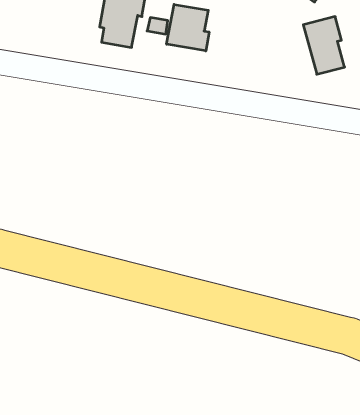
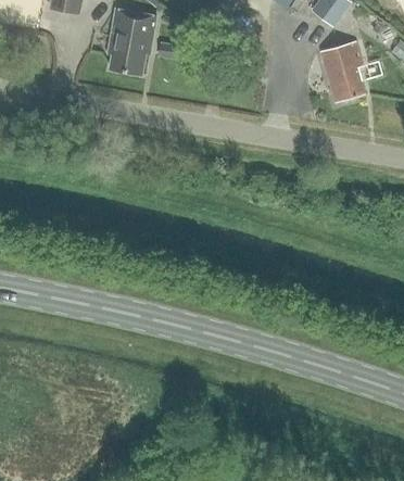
building: [167,4,209,51] -> none

